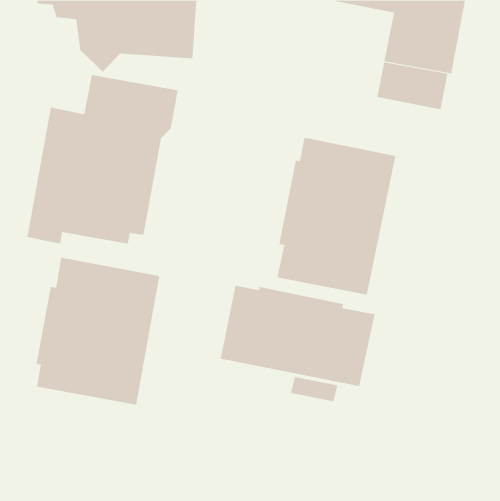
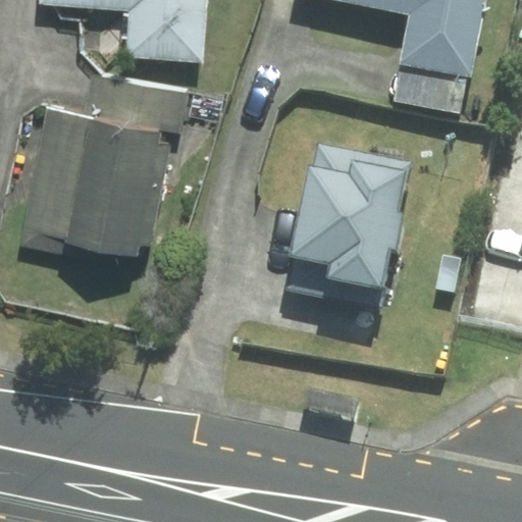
building: [36,257,160,405] -> none
building: [220,285,375,387] -> none

